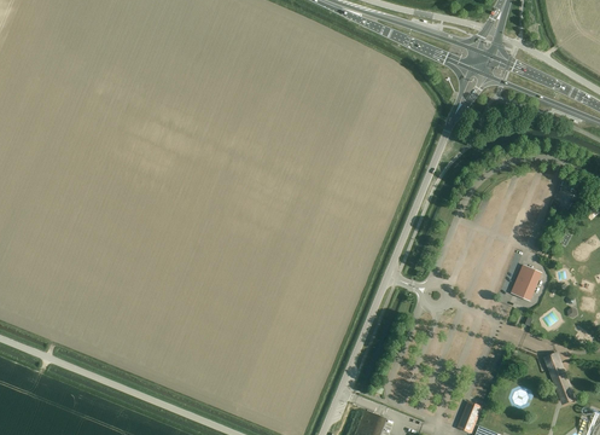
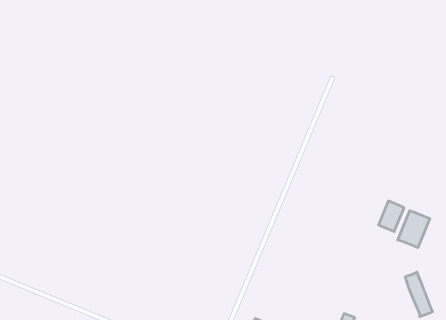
building: none -> [398,211,430,248]

